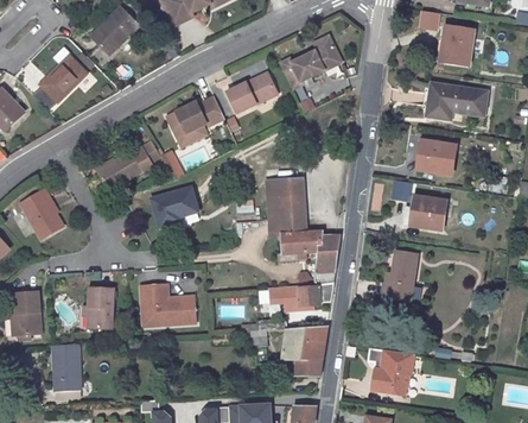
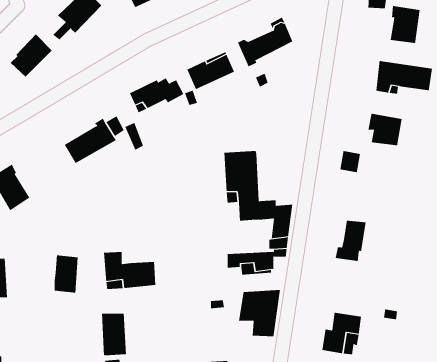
building: [147,183,199,227] -> none
building: [403,196,446,231] -> none
building: [52,345,79,390] -> [101,313,127,356]

